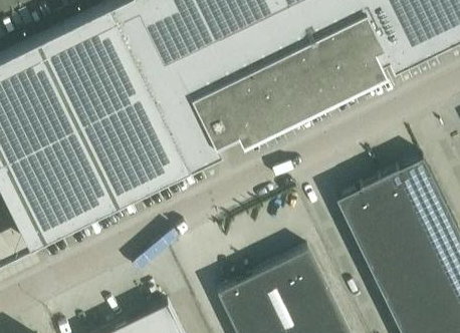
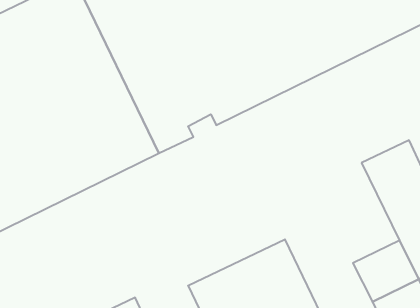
building: [335,179,414,272] -> none

